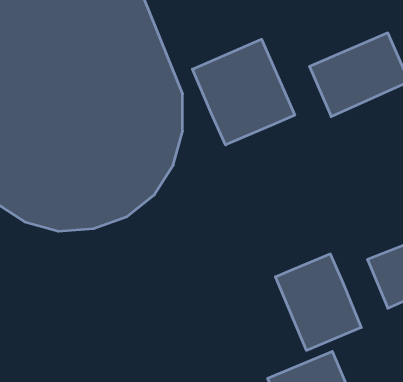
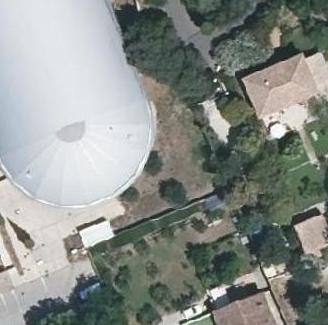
building: [192,39,295,145] -> none
building: [275,254,361,350] -> none

